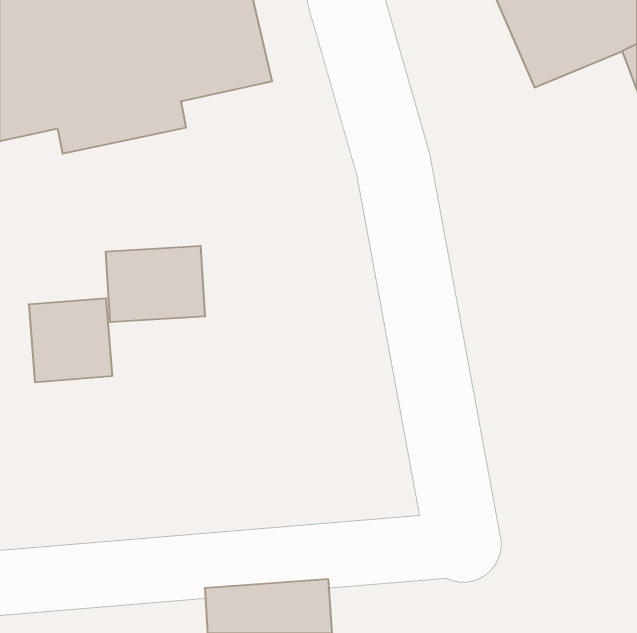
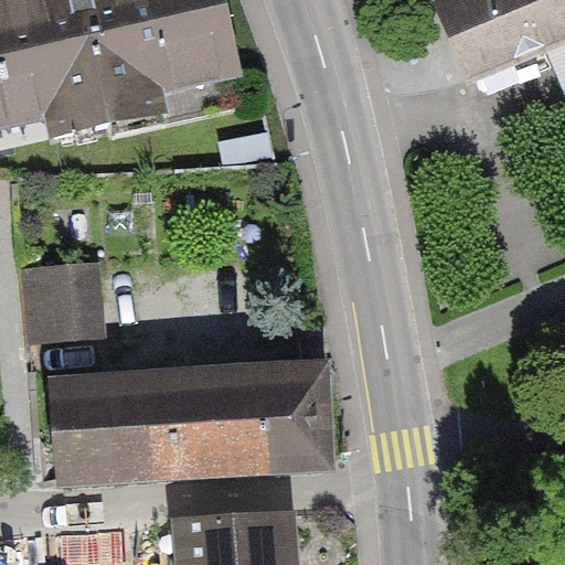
building: [106,246,205,322] -> none
building: none -> [54,371,326,479]

